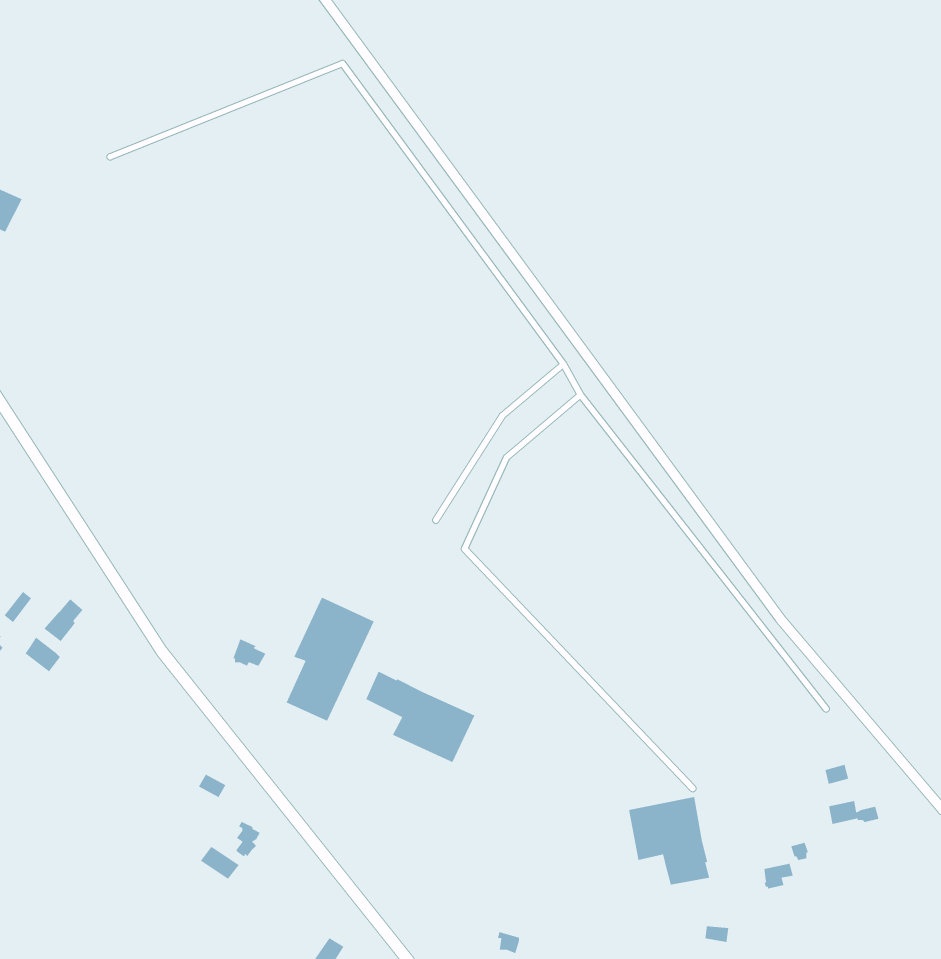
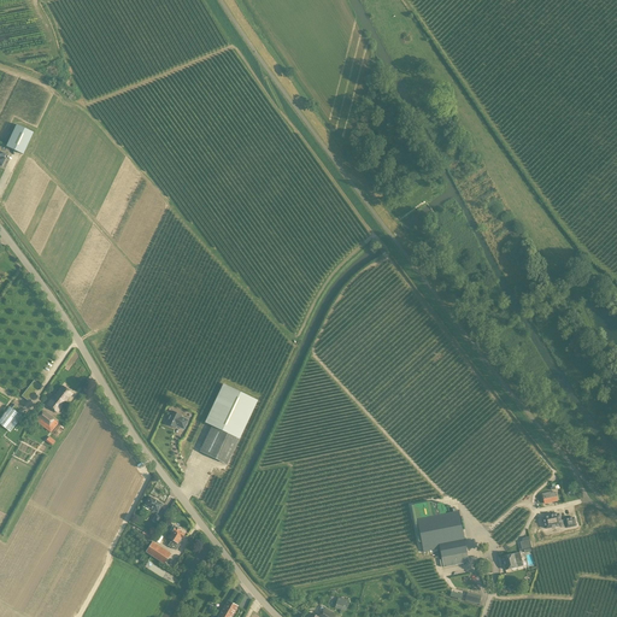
building: [365,670,475,763] -> none

